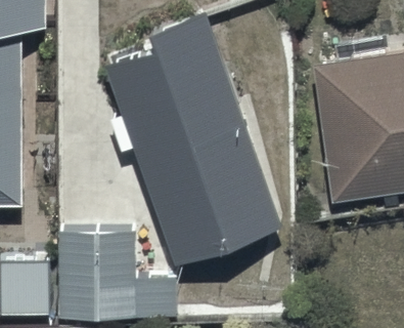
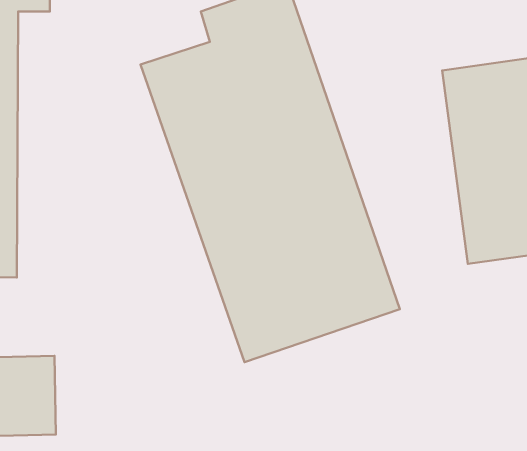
building: [56,223,174,320] -> none

